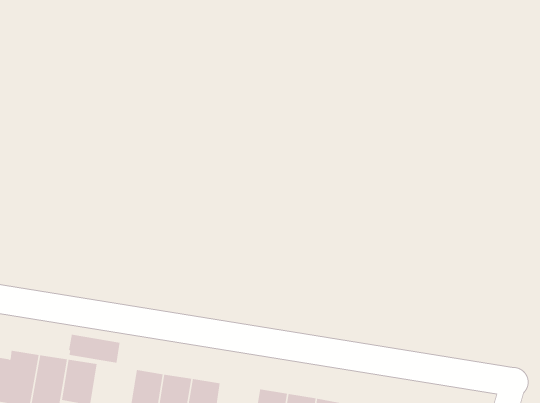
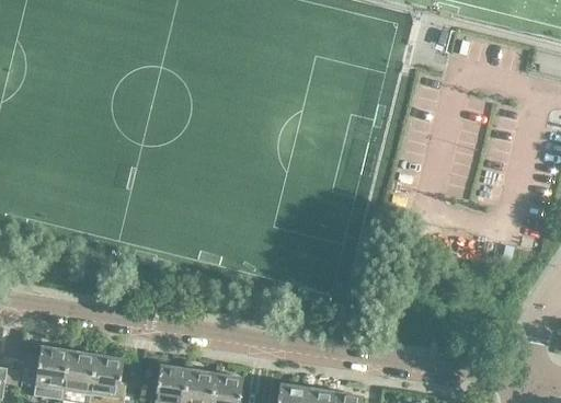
building: [68,334,120,363] -> none

